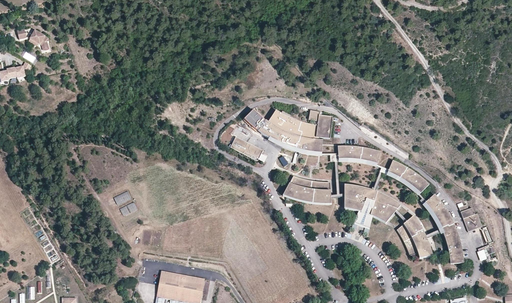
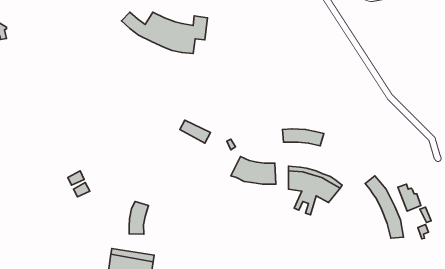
building: [243,109,333,152] -> [121,12,208,53]
building: [387,159,429,193] -> none
building: [396,215,433,258] -> none
building: none -> [129,202,149,234]

